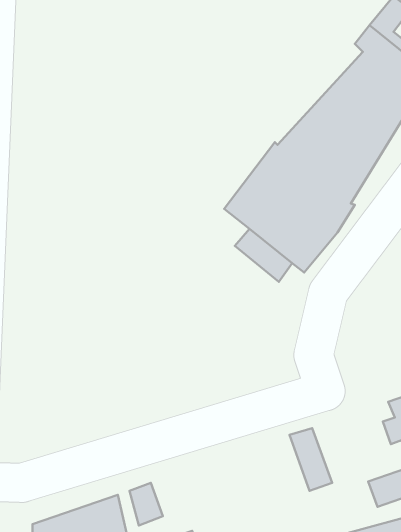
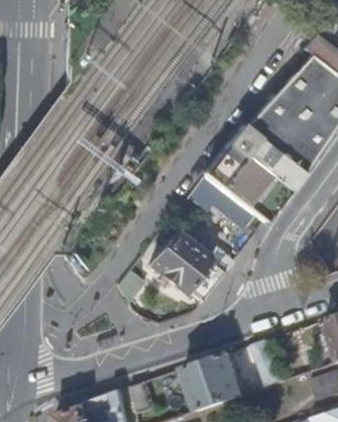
building: none -> [149,224,232,303]
building: none -> [185,354,243,412]

